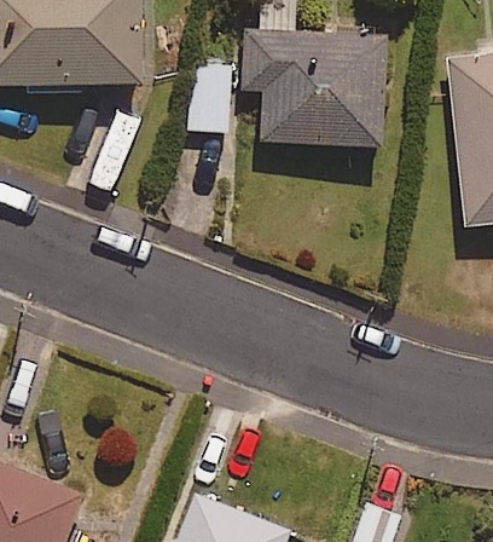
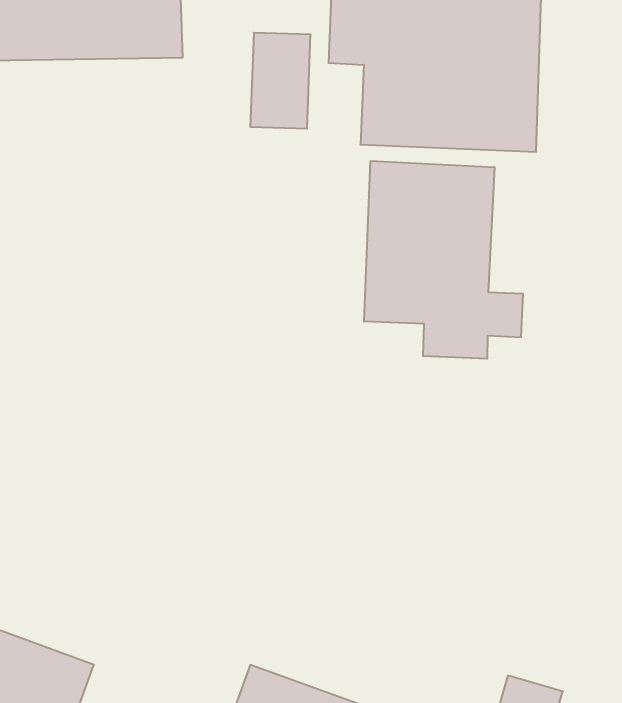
building: none -> [364,161,523,359]

